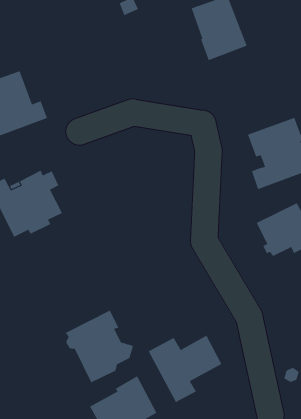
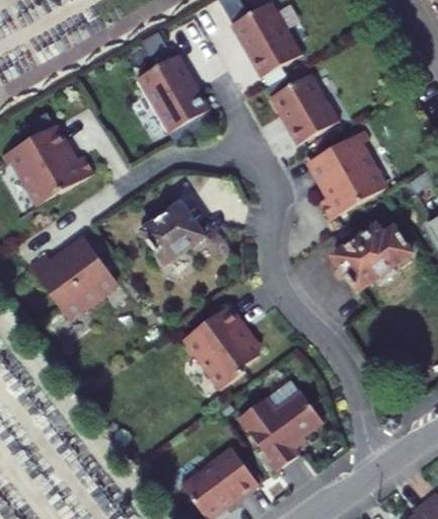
building: none -> [131,59,204,138]
building: none -> [274,69,343,140]
building: none -> [140,211,200,269]
building: [65,310,134,383] -> [181,303,260,387]

